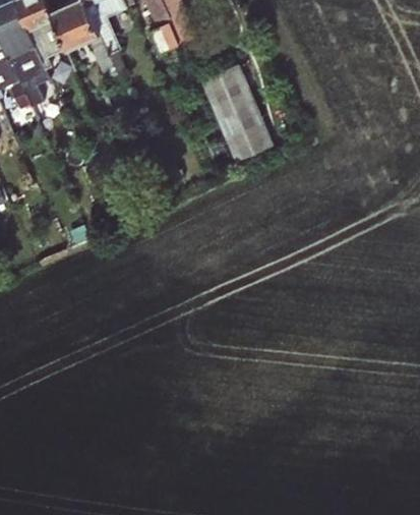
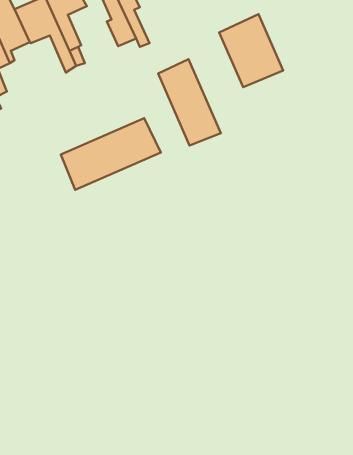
building: none -> [219,14,283,87]
building: none -> [61,118,161,190]

